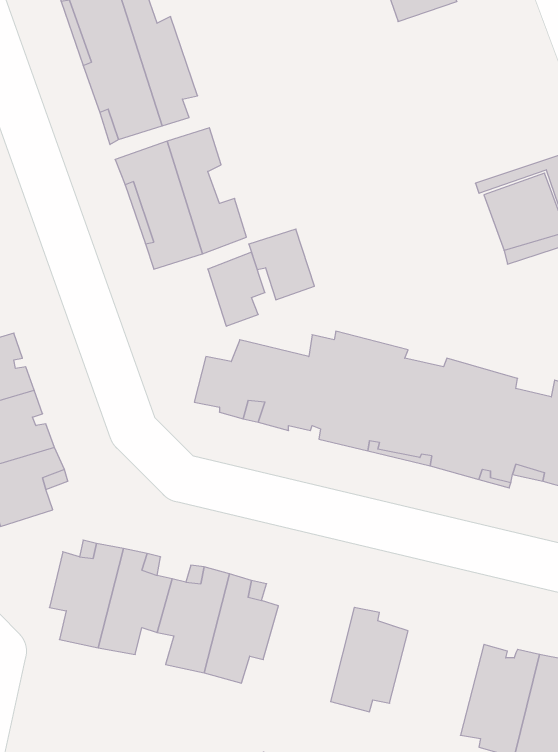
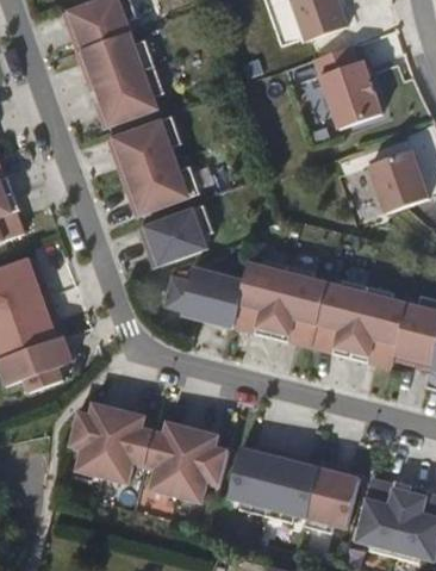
building: none -> [317,42,385,126]
building: [249,229,314,300] -> [139,213,186,263]
building: none -> [222,449,276,520]
building: none -> [299,463,356,536]

